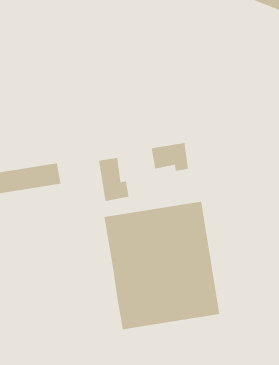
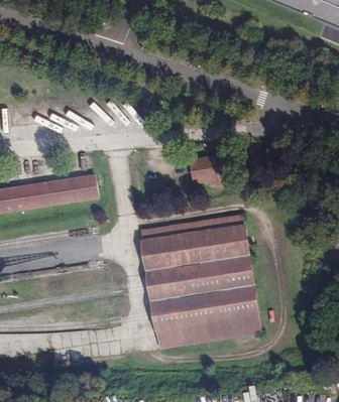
building: [98,157,130,202] -> none

